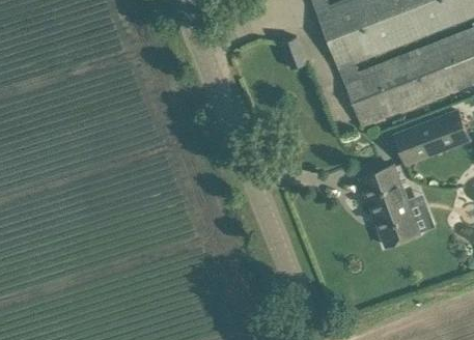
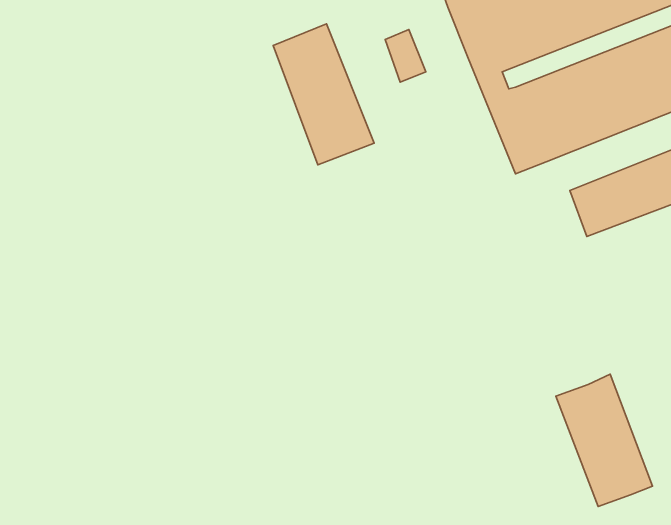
building: none -> [273,24,374,165]
building: [361,164,420,245] -> [556,374,652,507]

